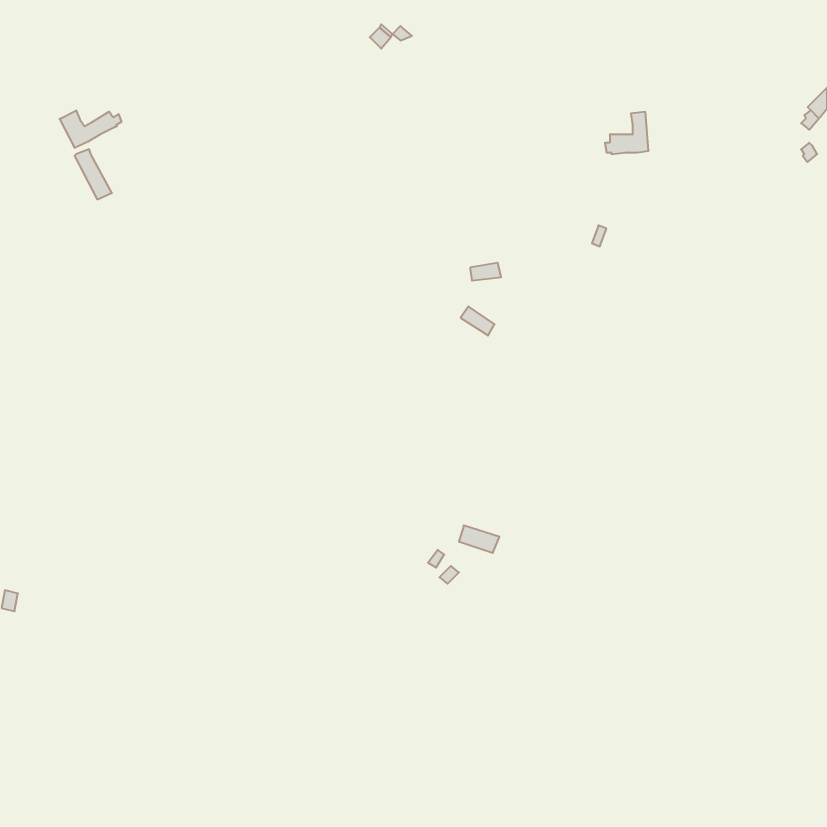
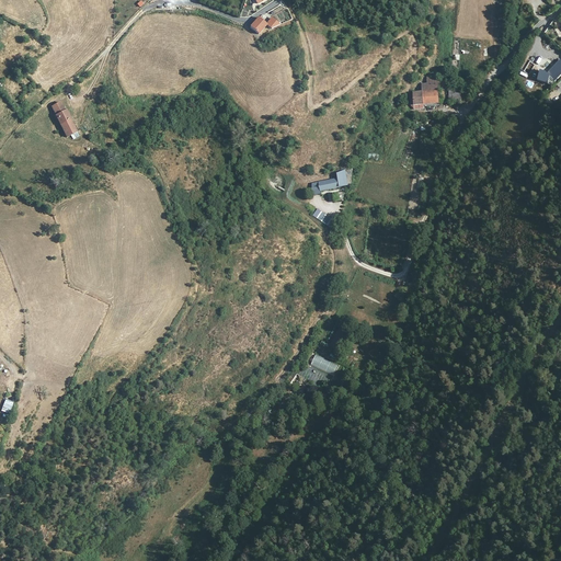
building: [60,110,121,148] -> none

